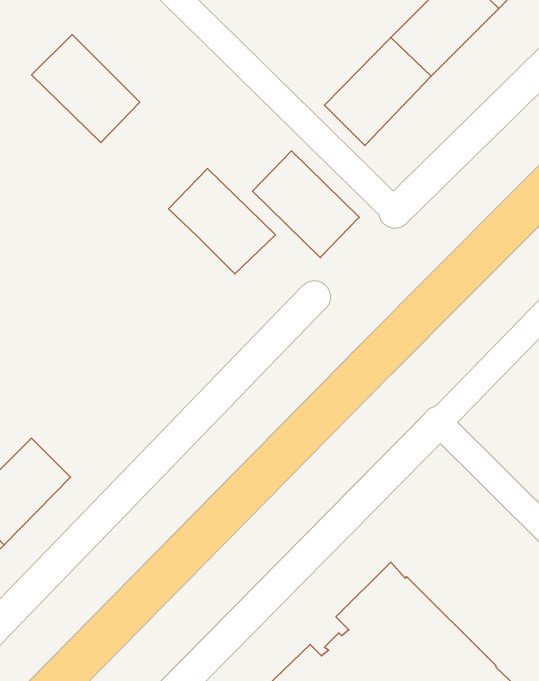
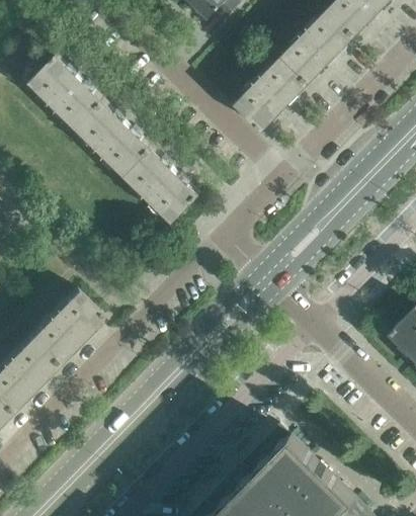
building: [253,151,359,258] -> [76,102,151,177]
building: none -> [27,290,101,365]

